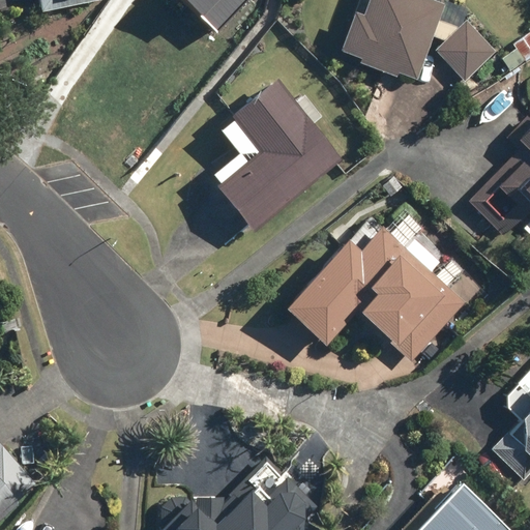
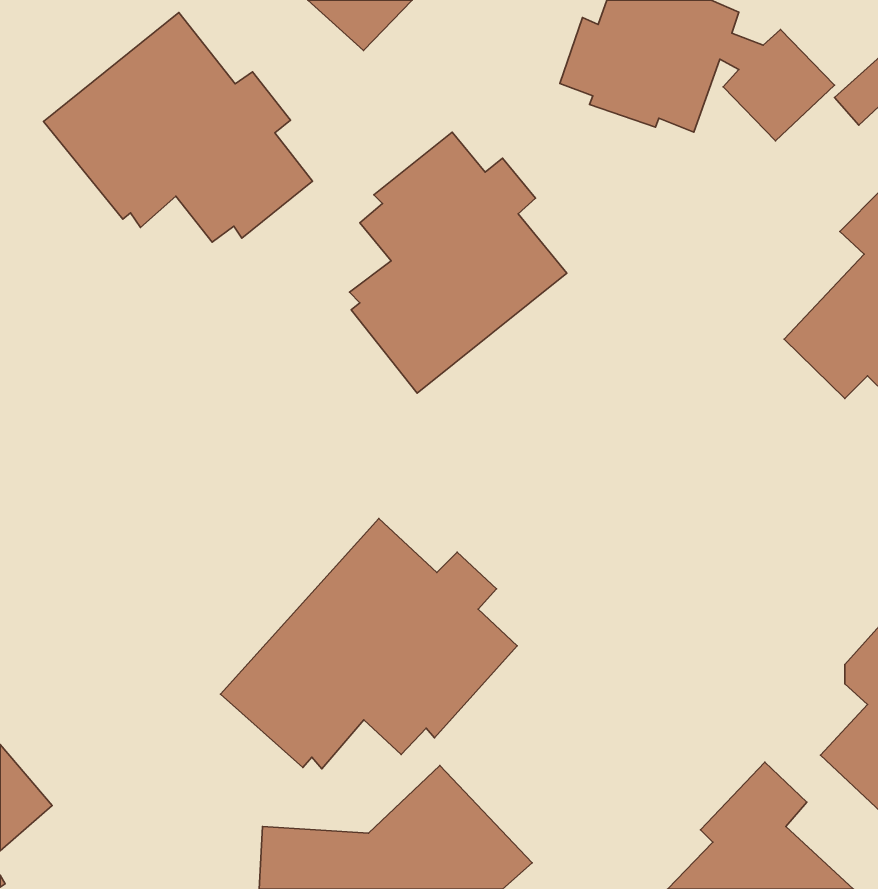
building: none -> [43,13,313,242]
building: [283,226,466,359] -> none
building: none -> [220,519,517,769]

